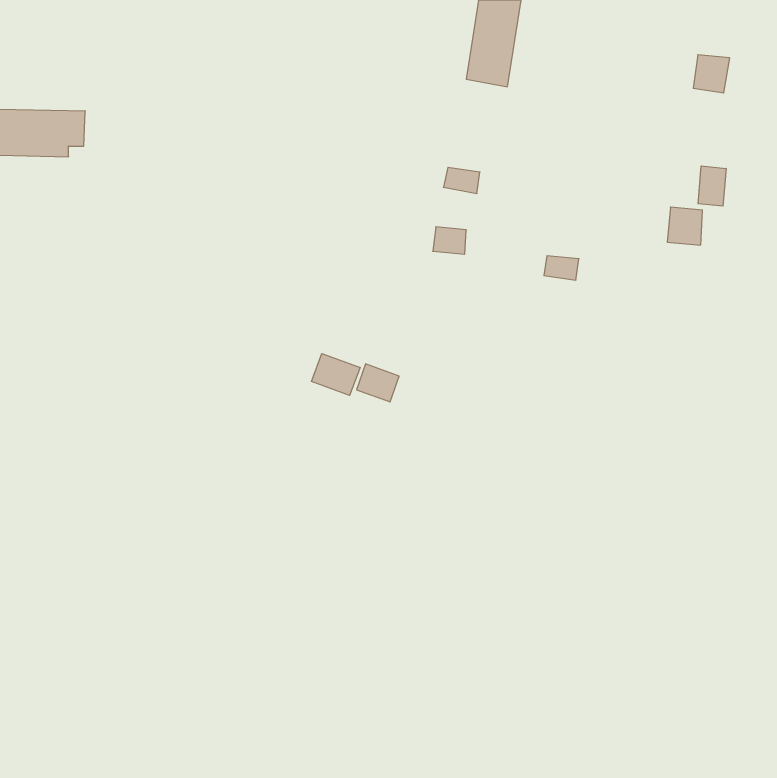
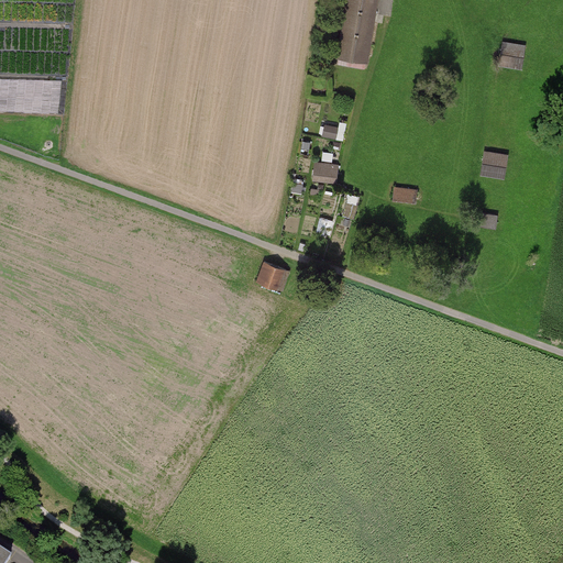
building: [698,166,726,206] -> none
building: [311,354,360,395] -> none

